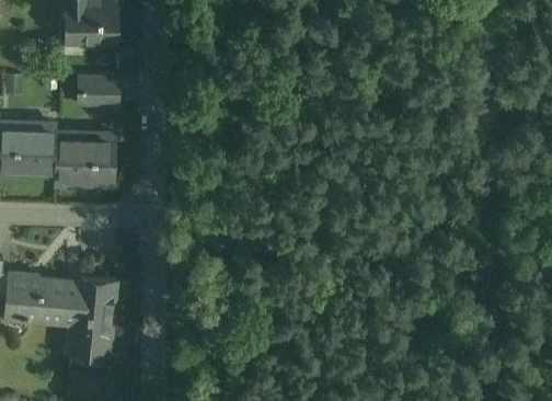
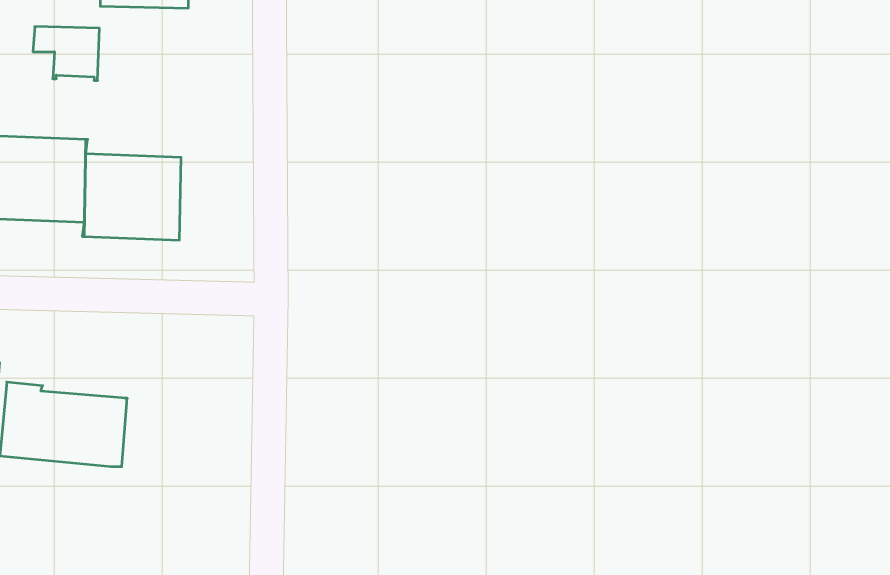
building: [79,75,119,107] -> [33,27,99,80]
building: [69,277,115,357] -> none

